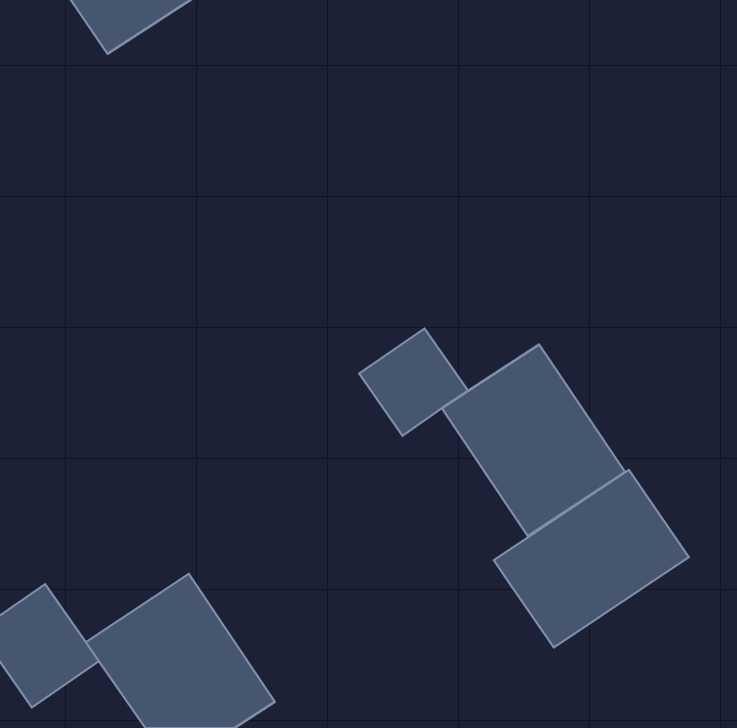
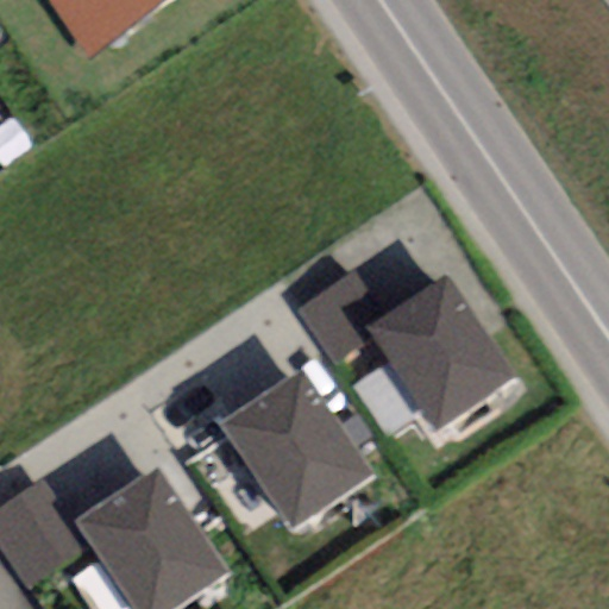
building: none -> [224,370,373,527]
building: [494,470,689,647] -> none

